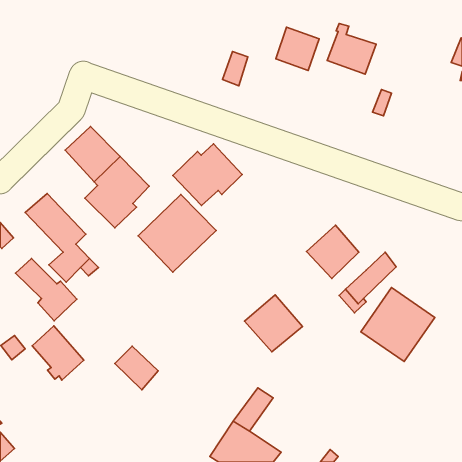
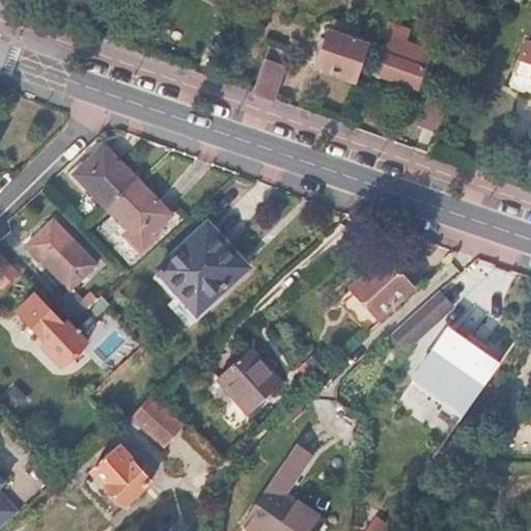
building: [173,144,242,205] -> none
building: [245,295,302,352] -> [216,346,282,412]
building: [32,326,84,380] -> [90,446,149,508]

